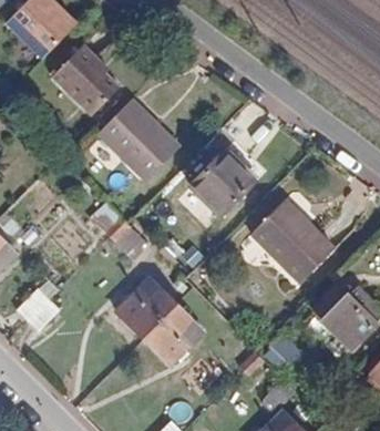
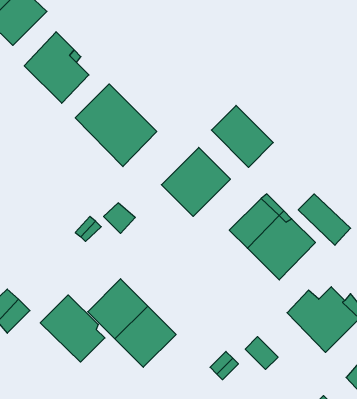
building: none -> [211,105,273,167]
building: none -> [298,194,351,245]
building: none -> [40,295,105,362]

